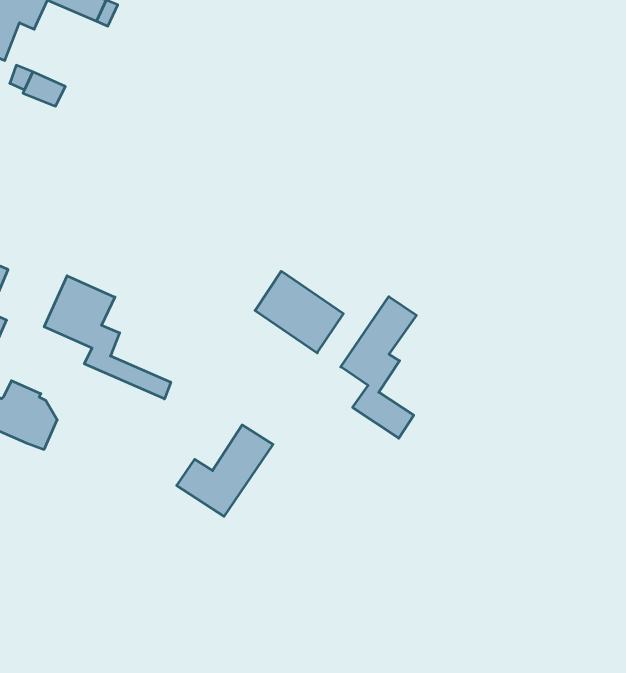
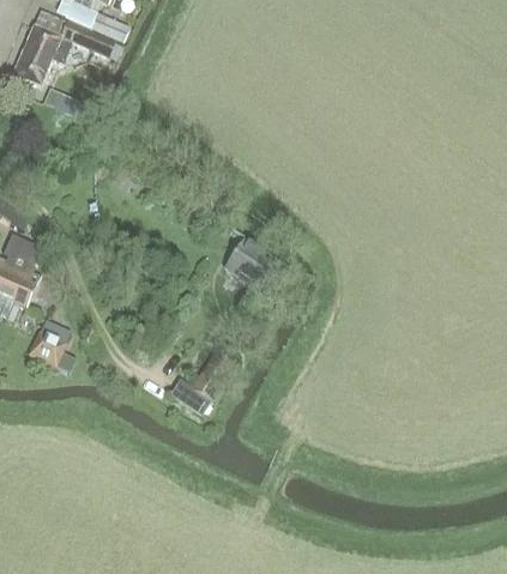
building: [44,276,171,399] -> none
building: [341,297,416,438] -> none

